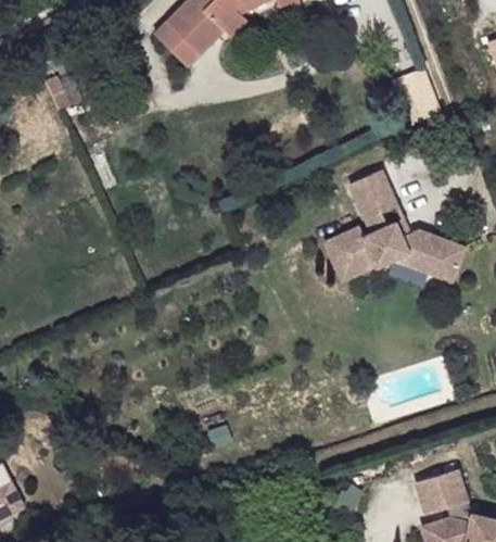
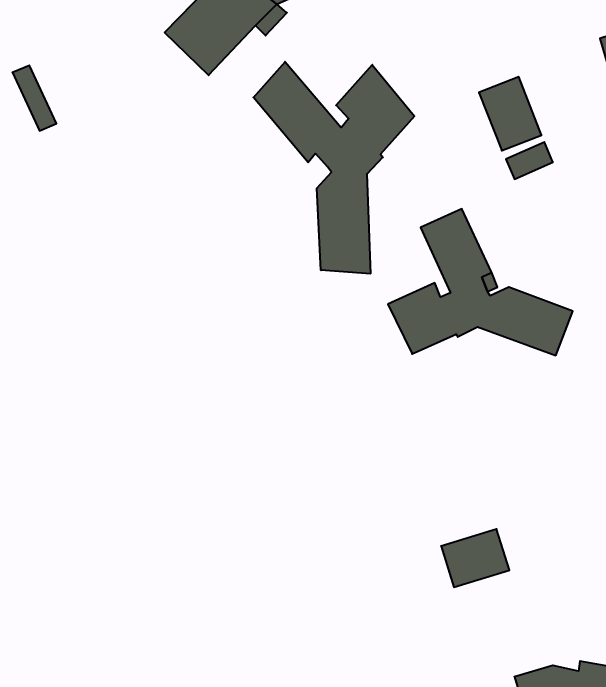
building: none -> [253,62,414,274]
building: [416,468,468,513] -> [441,529,509,587]

